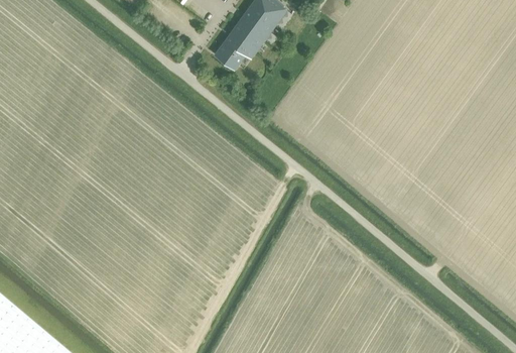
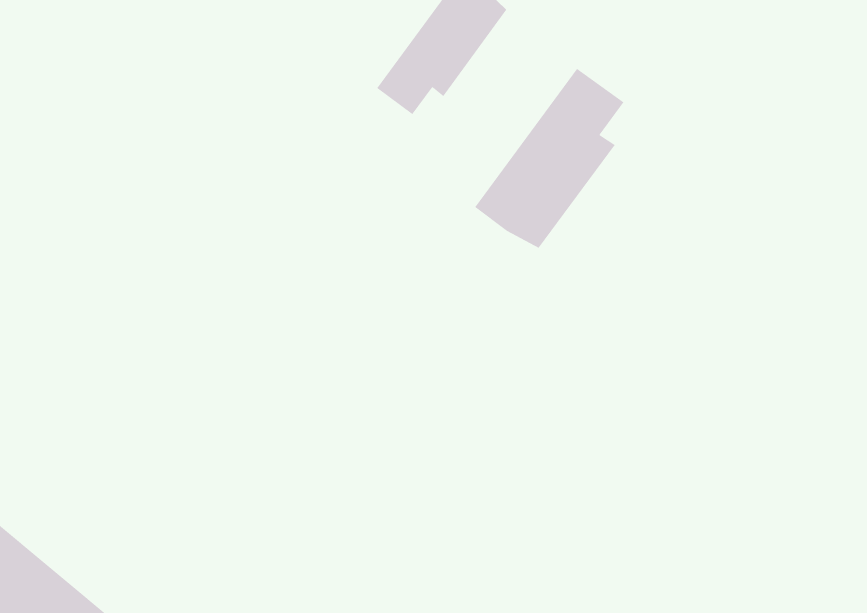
building: none -> [474,68,624,249]

